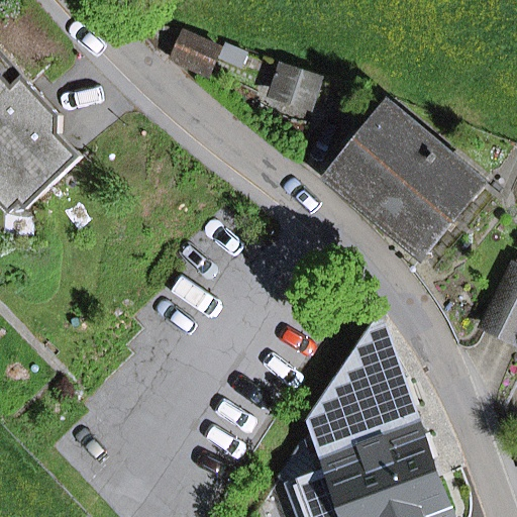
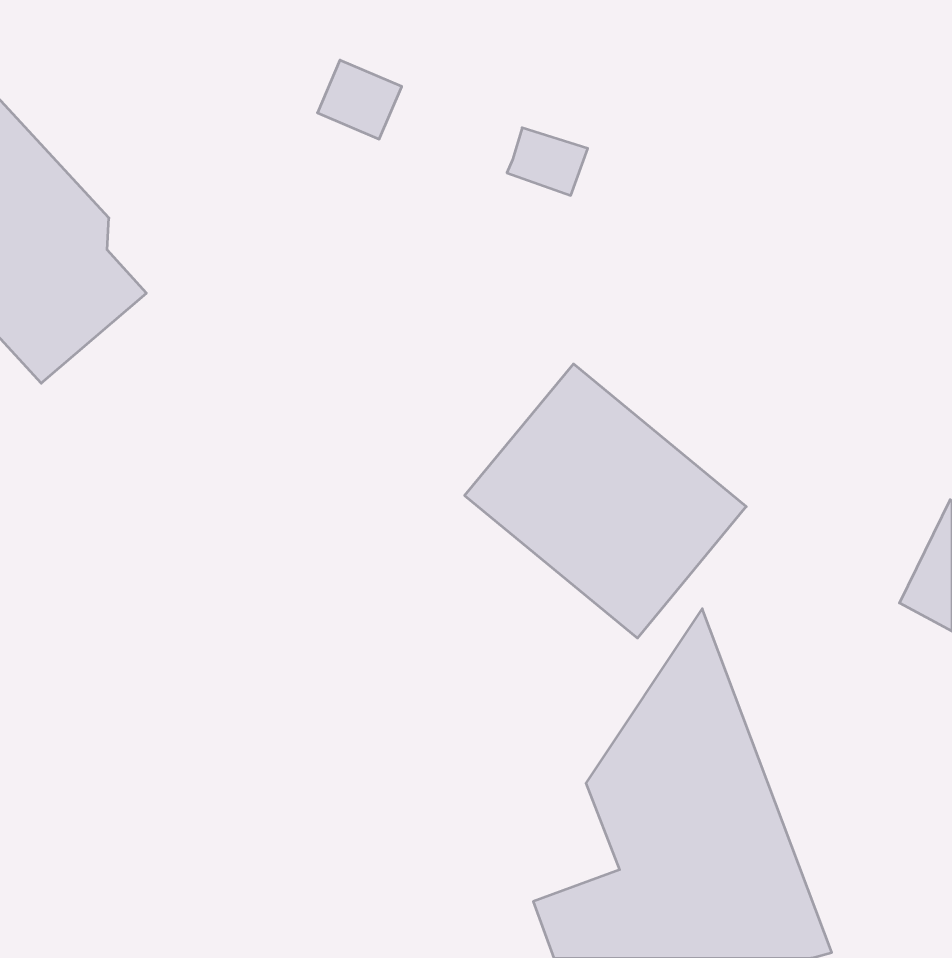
building: [327,107,479,254] -> [465,364,746,638]

